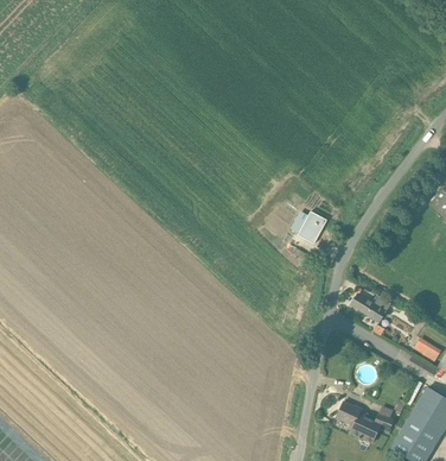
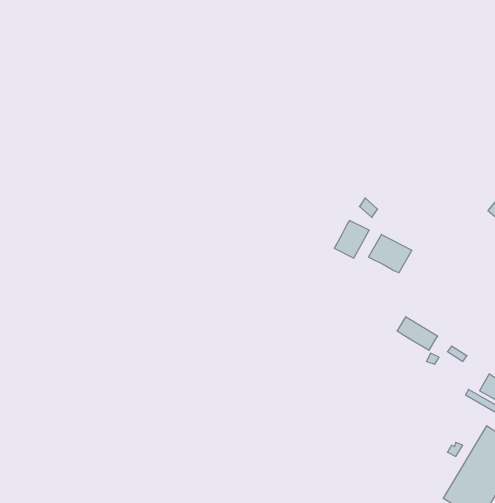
building: none -> [369,234,412,273]
building: [336,400,393,441] -> none

